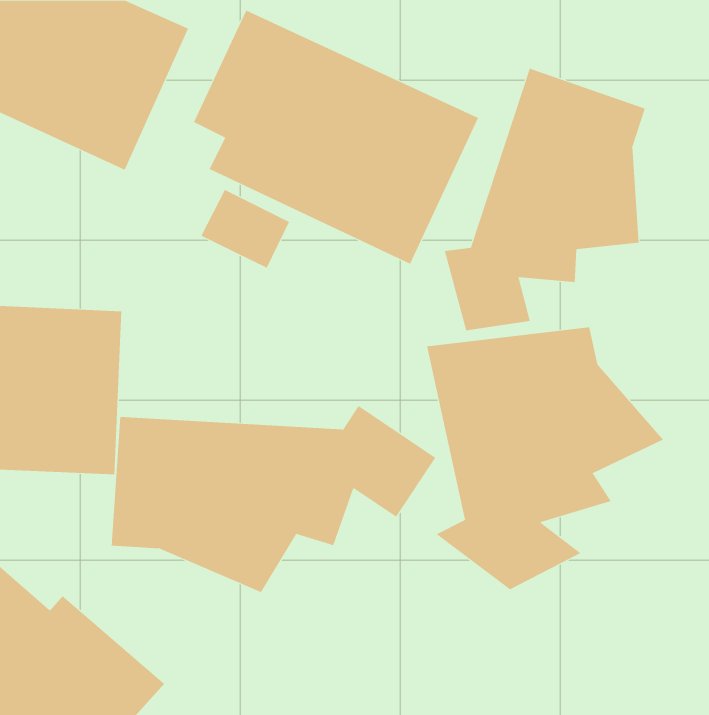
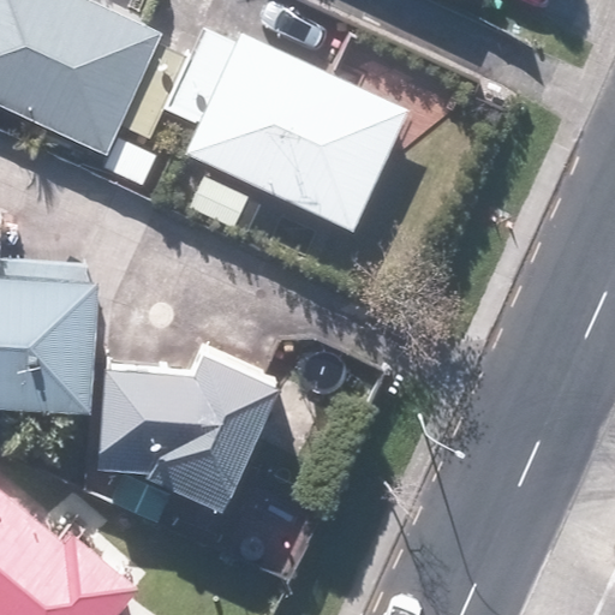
building: [444,68,645,331] -> none
building: [427,327,664,590] -> none

